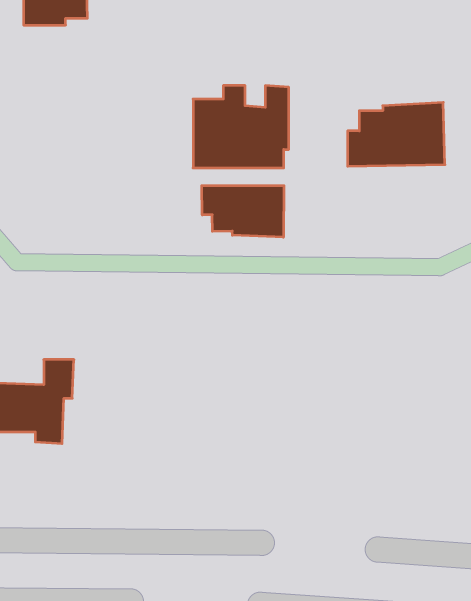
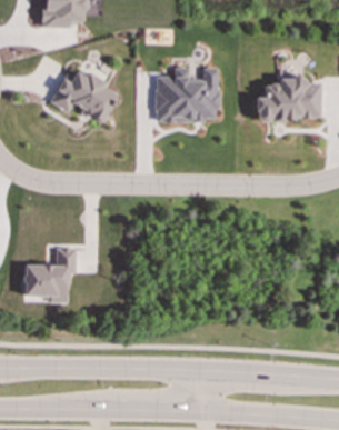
building: none -> [49,70,118,122]
building: [202,186,284,237] -> none

